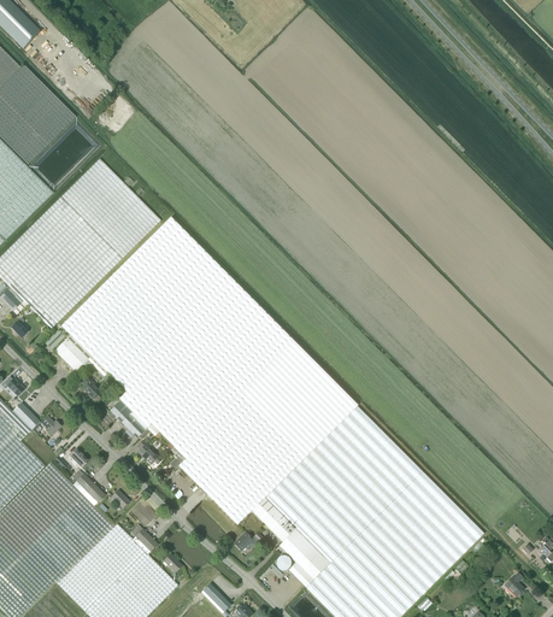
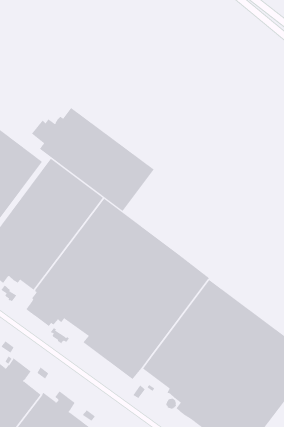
building: none -> [31,107,154,212]

